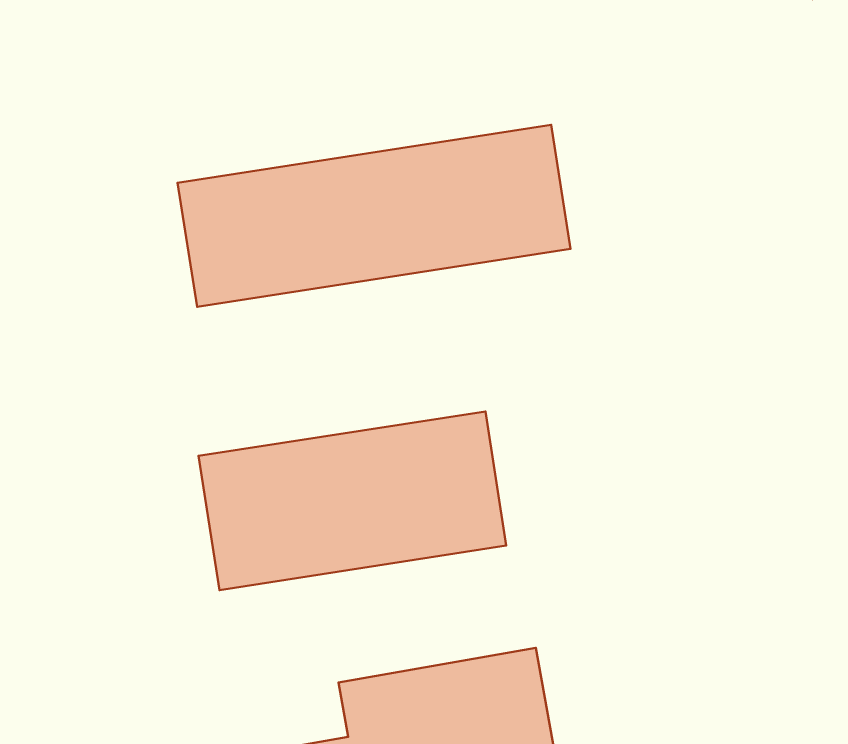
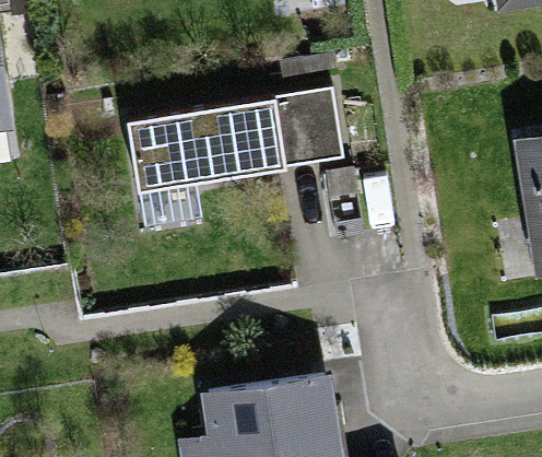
building: [199,411,506,590] -> none

